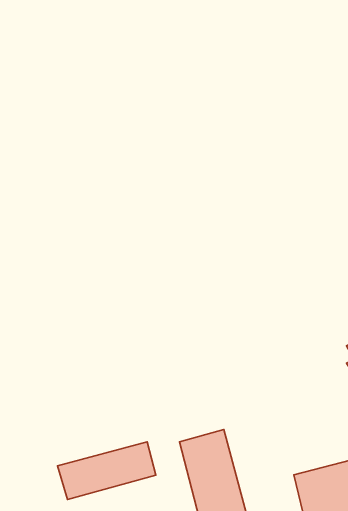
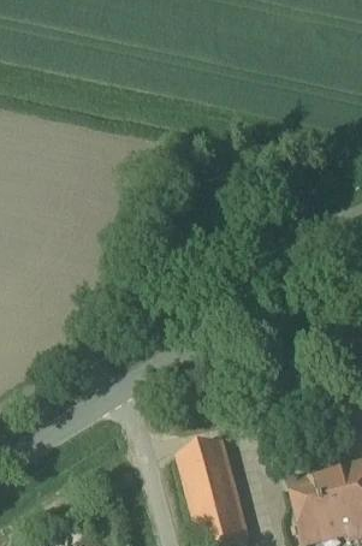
building: [57,442,156,500] -> none

